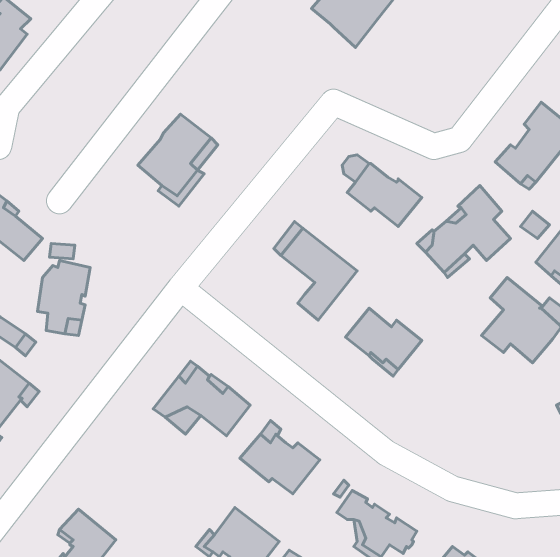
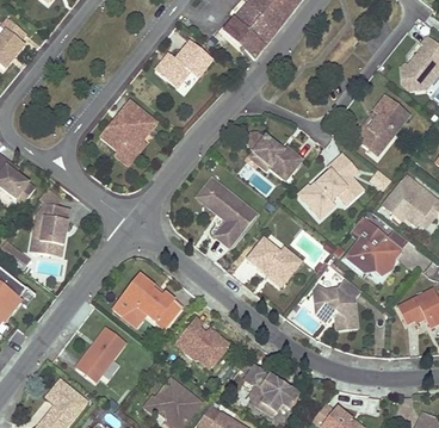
building: none -> [156,41,214,87]
building: none -> [311,278,360,329]
building: none -> [76,325,126,380]

